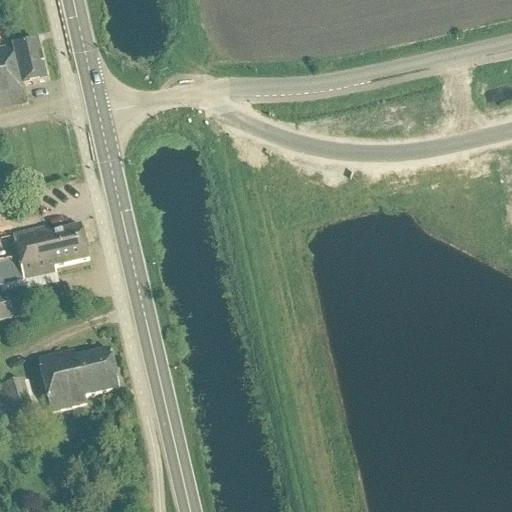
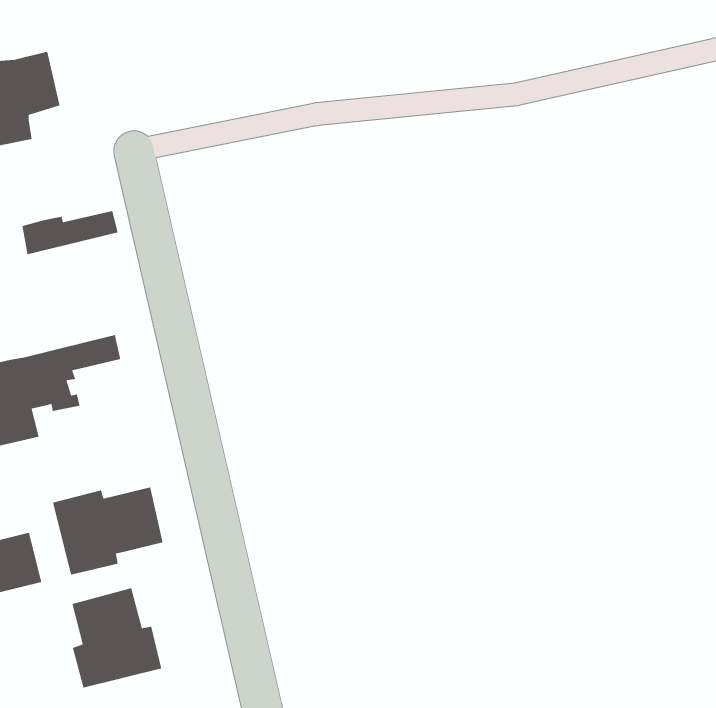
building: [13,221,82,253] -> [21,210,119,255]
building: none -> [72,587,162,689]

